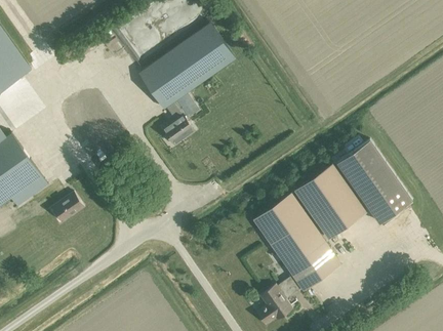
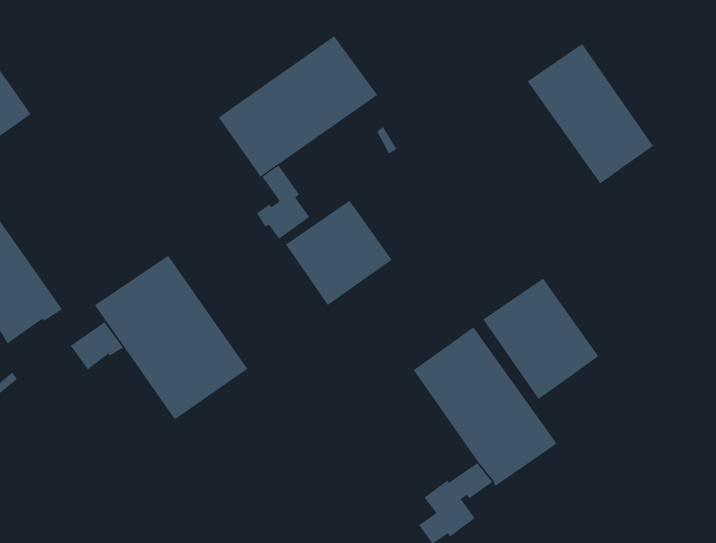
building: none -> [285,200,392,306]
building: [336,139,411,222] -> [527,43,654,184]
building: none -> [94,255,248,420]

